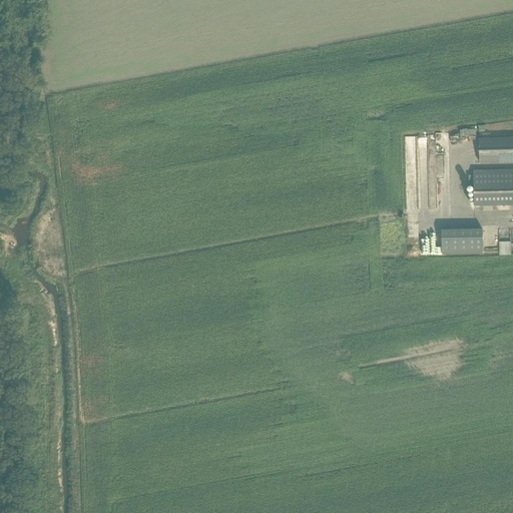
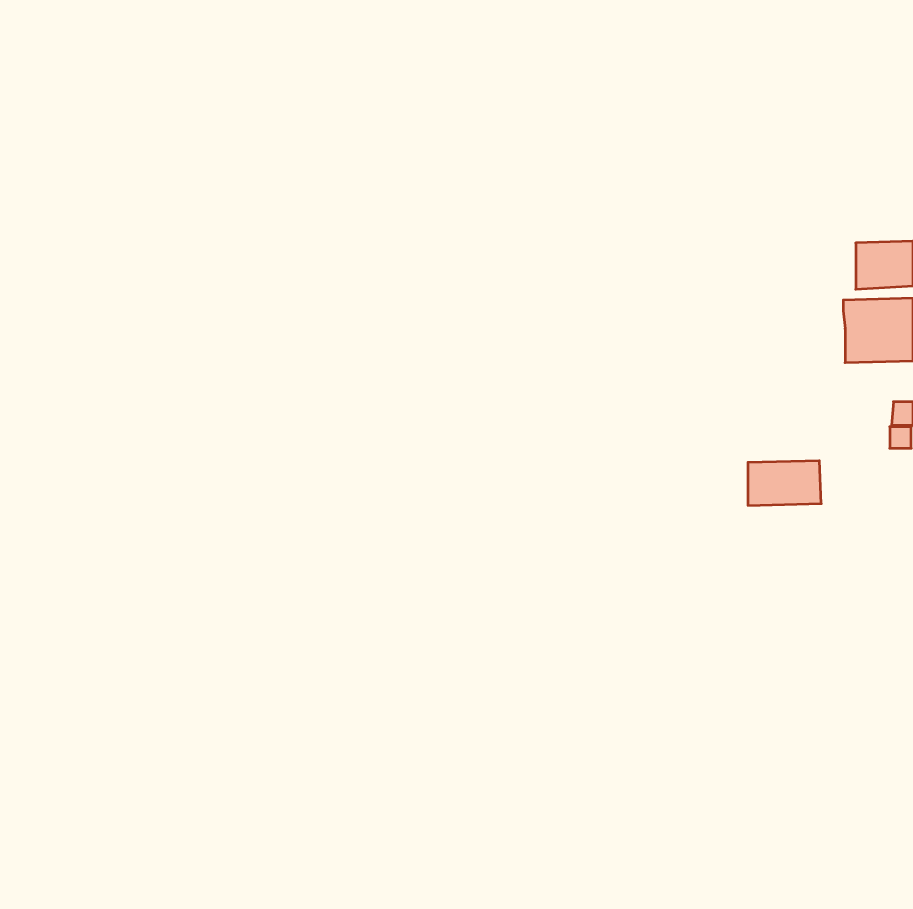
building: [442,227,483,252] -> [748,461,821,505]

